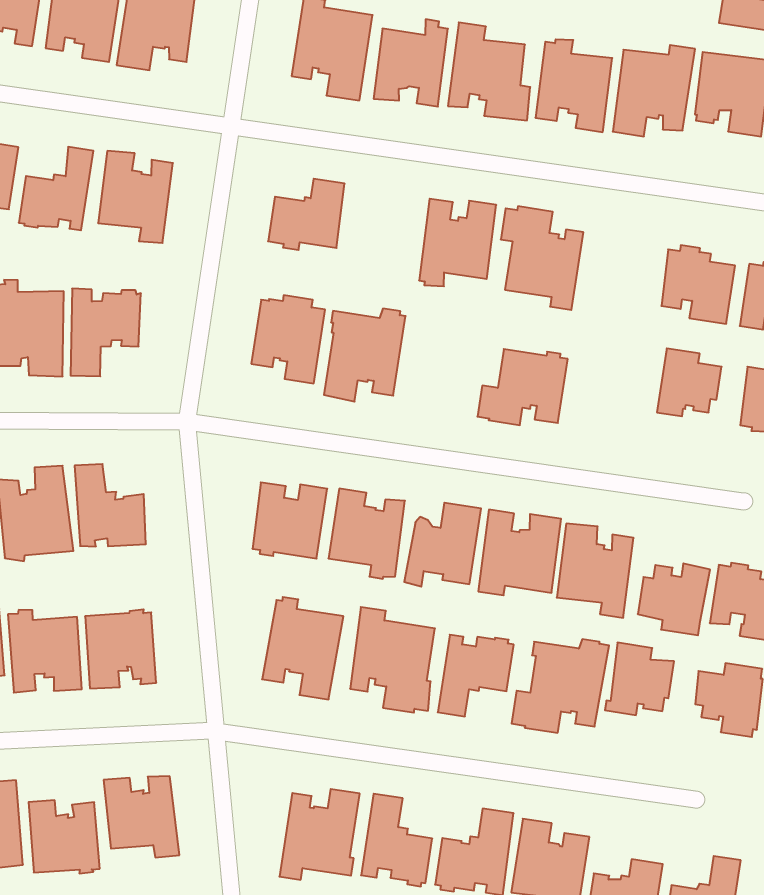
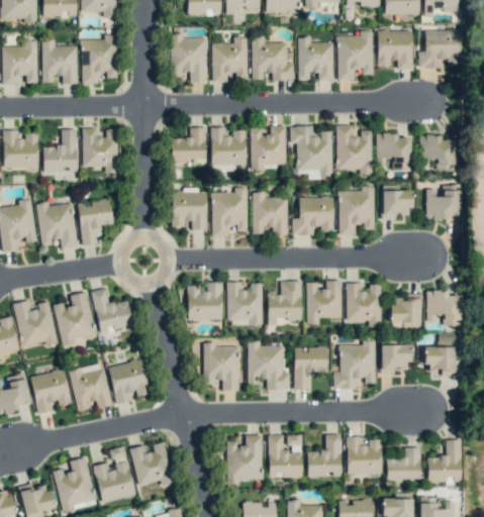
building: none -> [210,127,246,166]
building: none -> [334,126,373,176]
building: none -> [253,192,288,235]
building: none -> [337,187,374,234]

